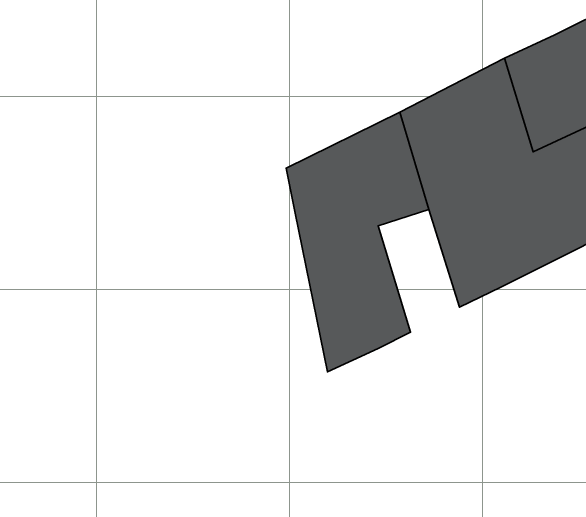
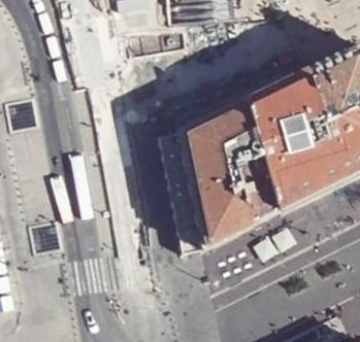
building: none -> [158,131,202,252]
building: none -> [231,155,277,225]

